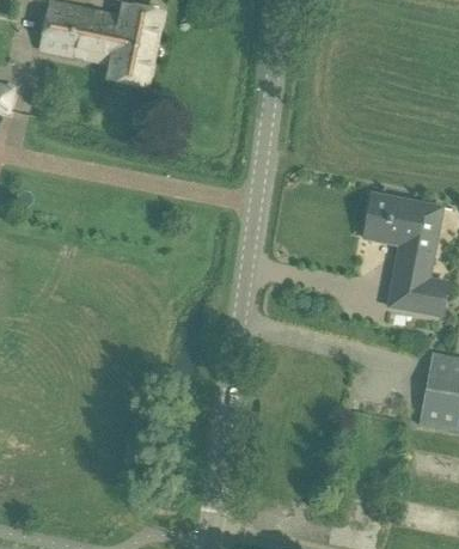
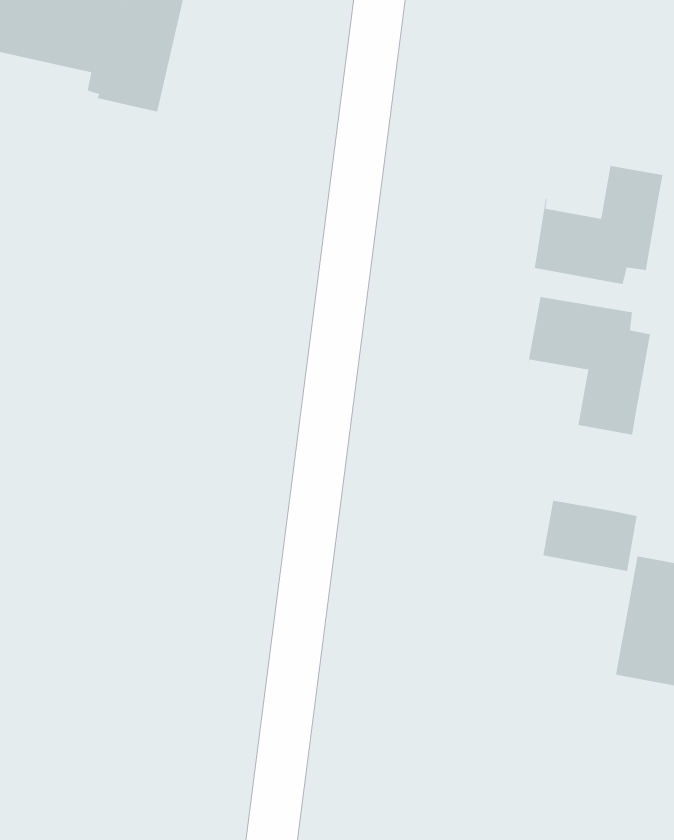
building: none -> [534,165,663,285]
building: [390,273,447,316] -> [543,500,638,571]

